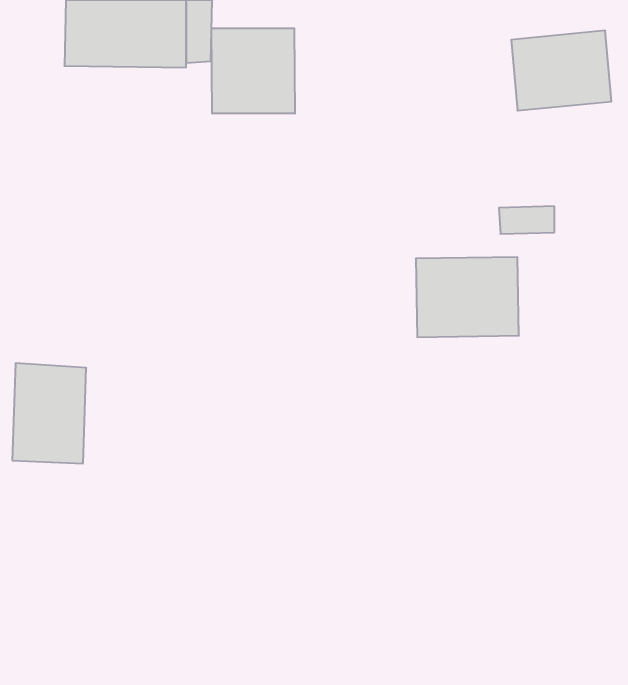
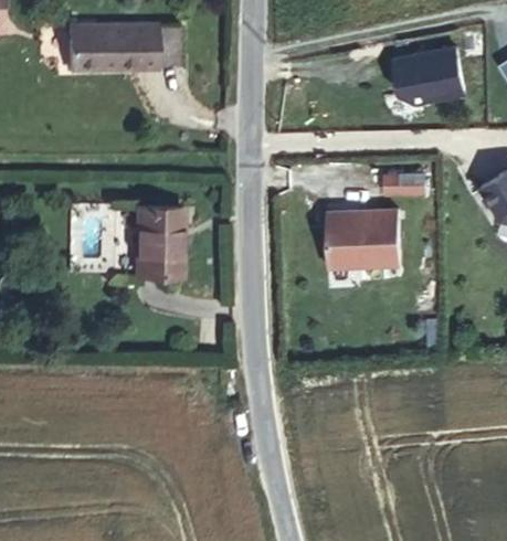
building: [212,28,295,114] -> none
building: [12,363,86,463] -> [128,199,181,270]

